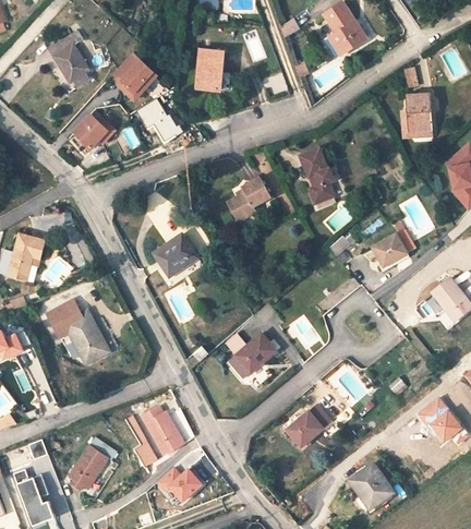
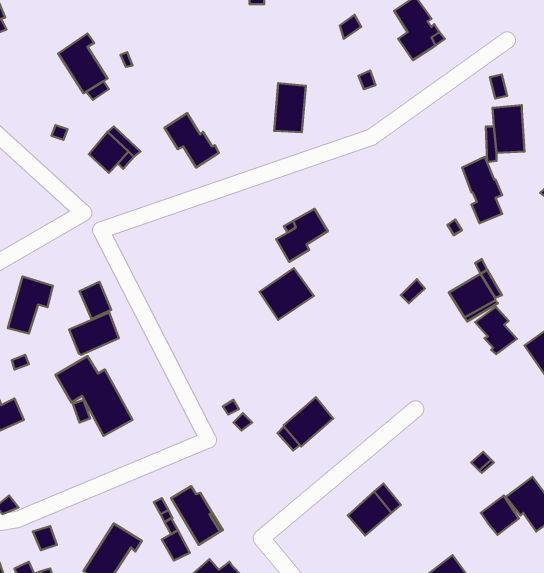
building: [196,50,222,91] -> [274,83,306,132]
building: [110,52,157,99] -> none
building: [301,148,334,203] -> [462,157,502,223]
building: [154,233,198,276] -> [259,268,314,320]
building: none -> [475,307,517,354]
building: none -> [69,312,119,355]
building: none -> [481,495,519,535]

